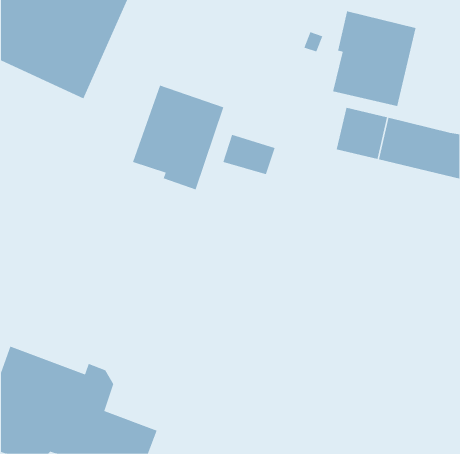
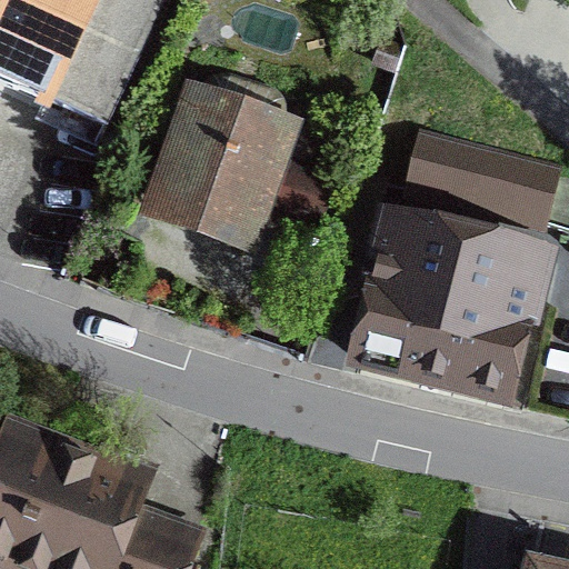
building: [332,10,416,107] -> none
building: none -> [359,211,532,390]

